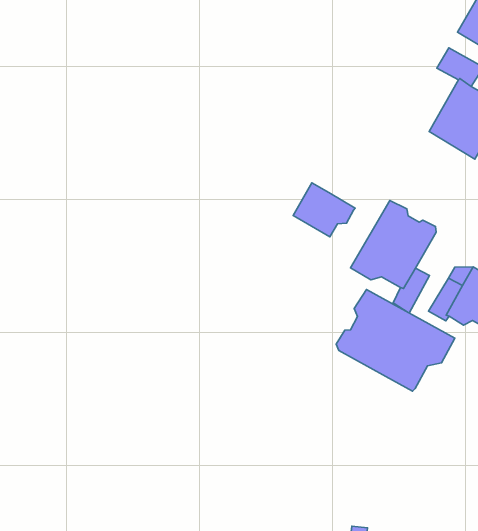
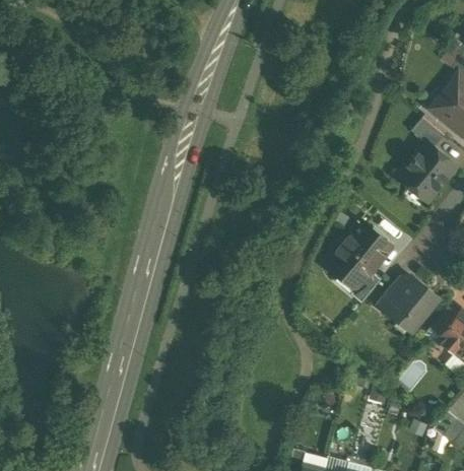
building: [293,183,355,237] -> none
building: [336,290,455,391] -> none

